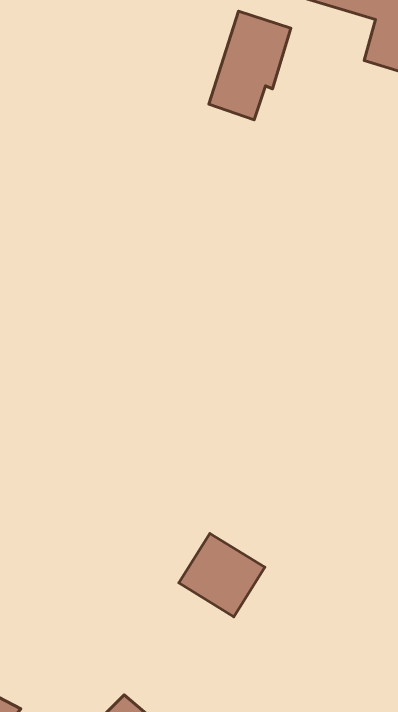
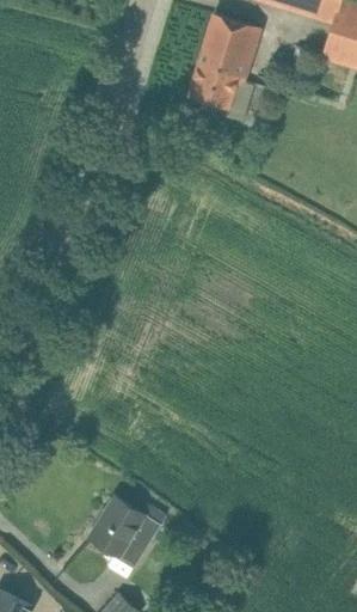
building: [179,533,265,617] -> [88,495,161,565]

